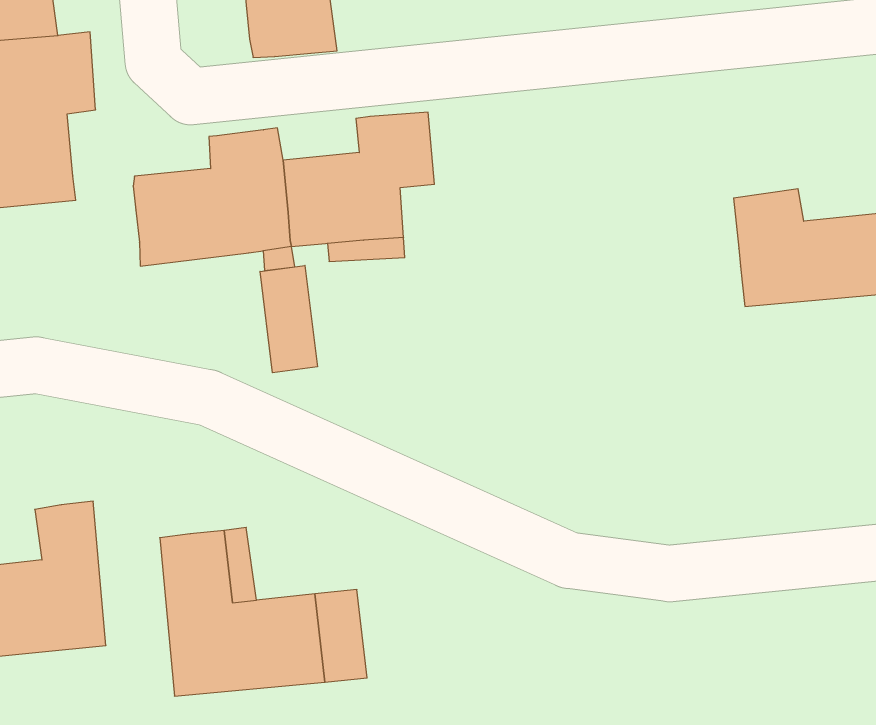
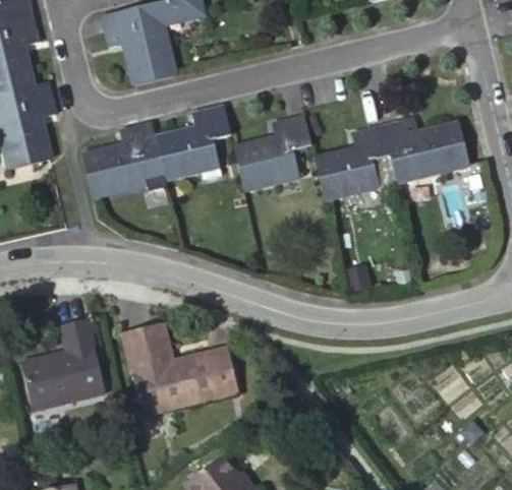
building: none -> [240,114,320,189]
building: none -> [322,123,400,195]
building: [260,265,317,373] -> none

